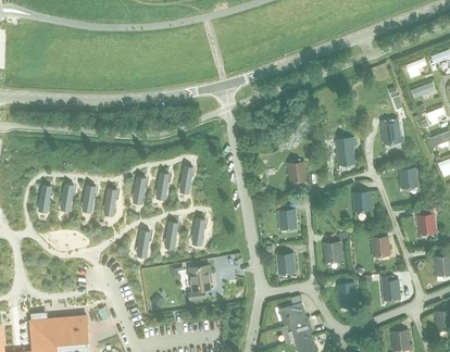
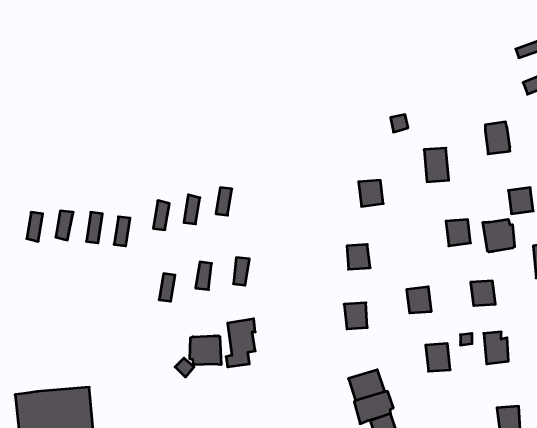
building: none -> [483,219,515,252]
building: none -> [190,336,221,365]

